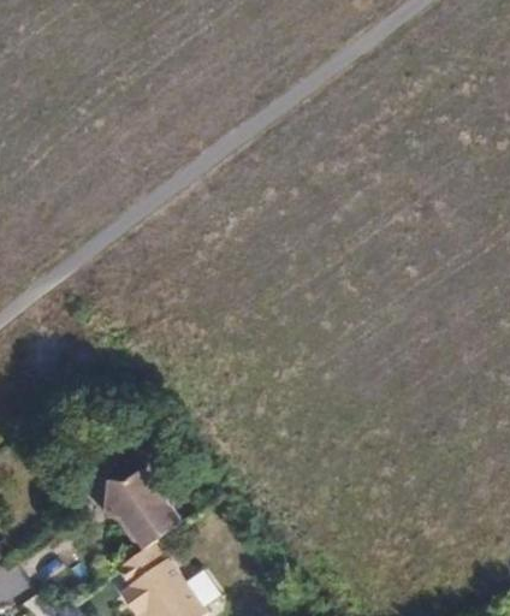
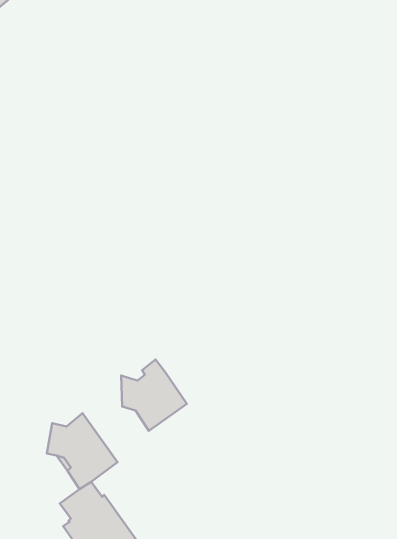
building: none -> [121,359,187,431]

